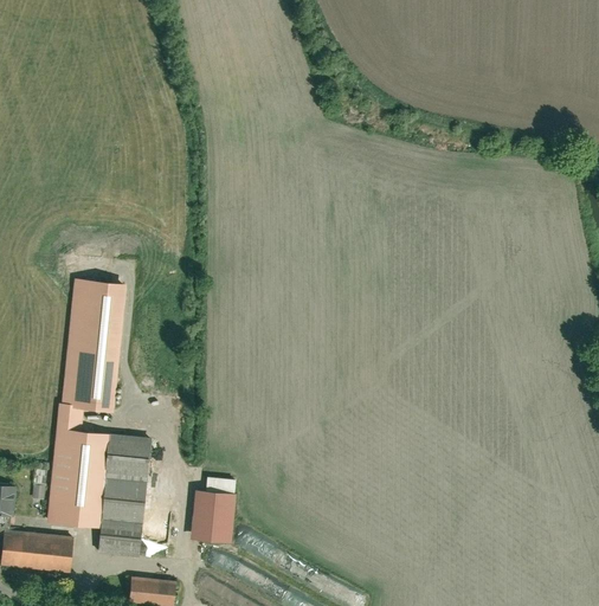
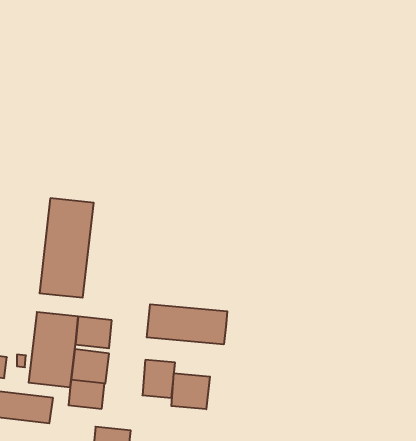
building: [54,402,79,430] -> none
building: none -> [147,304,227,344]
building: none -> [171,373,210,409]

